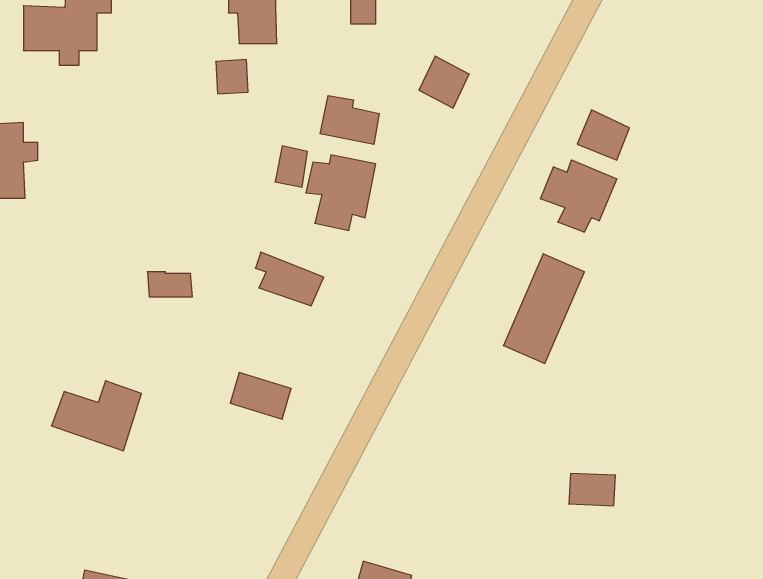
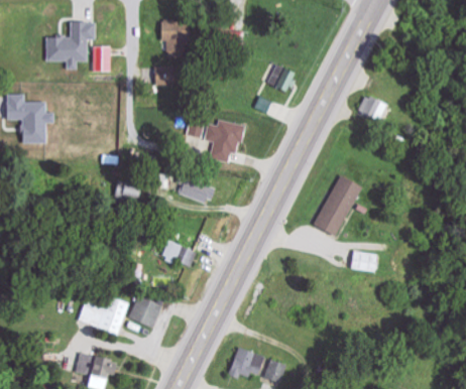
building: [320,96,379,144] -> none
building: [540,160,617,232] -> none
building: [51,381,141,451] -> [78,295,128,335]
building: none -> [128,295,161,328]
building: [569,473,616,506] -> [351,252,377,270]

